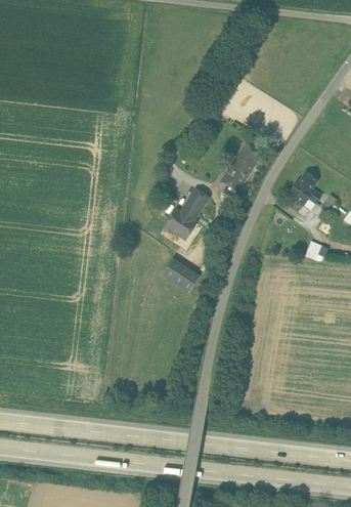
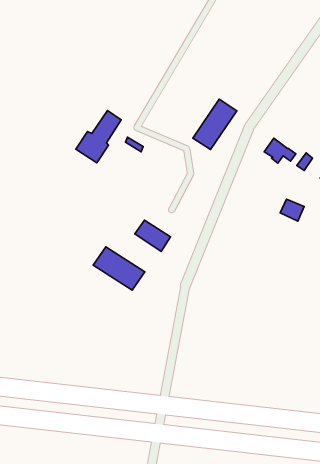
building: [165,187,209,239] -> [76,110,121,163]
building: none -> [93,247,145,290]

